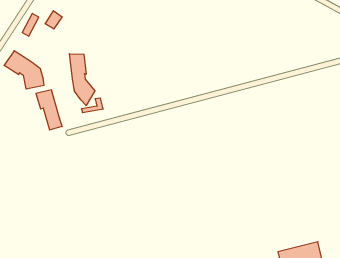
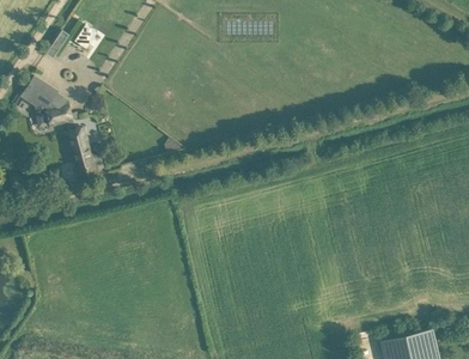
building: [69,54,95,106] -> none

